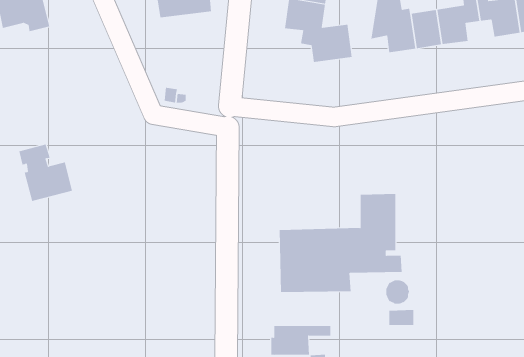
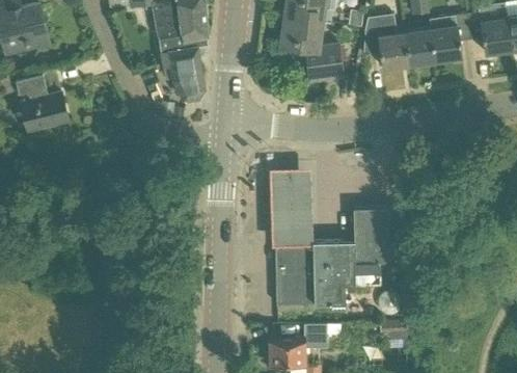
building: none -> [159,30,209,101]
building: [19,144,73,201] -> [17,76,70,132]
building: none -> [264,175,307,240]

